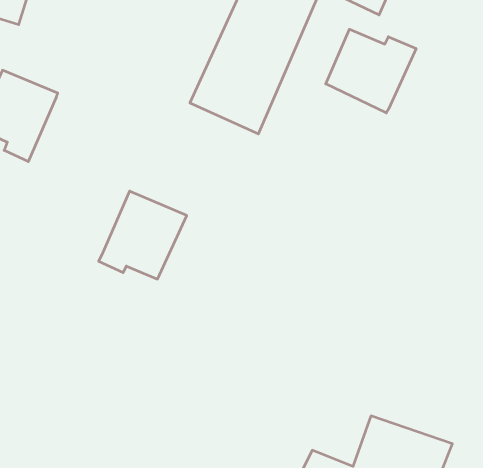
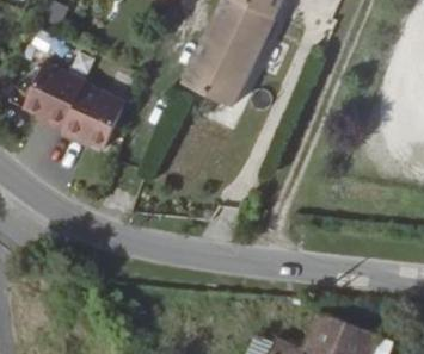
building: [326,29,416,113] -> none
building: [99,191,187,279] -> [61,82,125,147]

